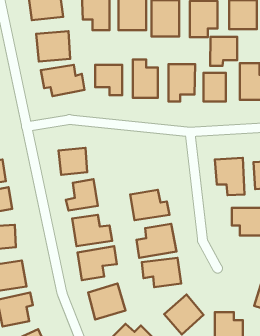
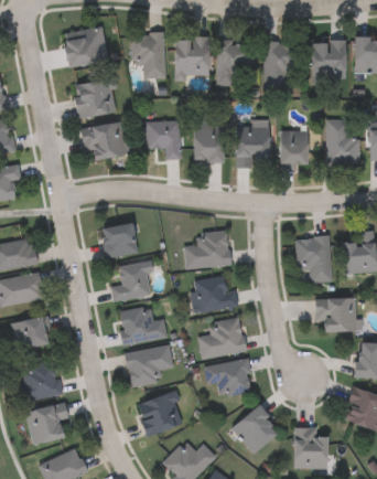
building: [210,37,237,66] -> none
building: none -> [183,231,230,269]

